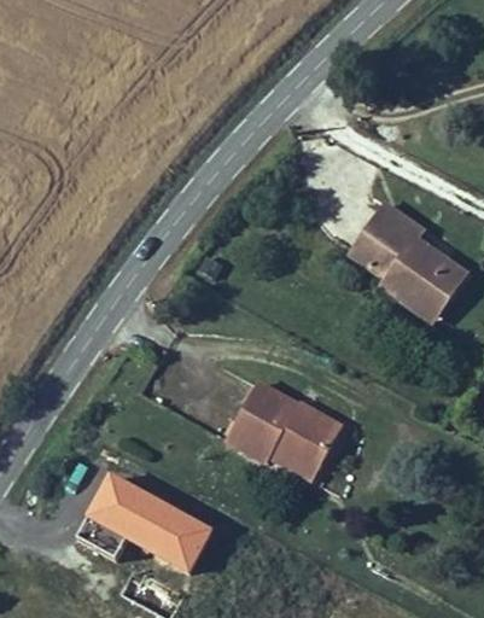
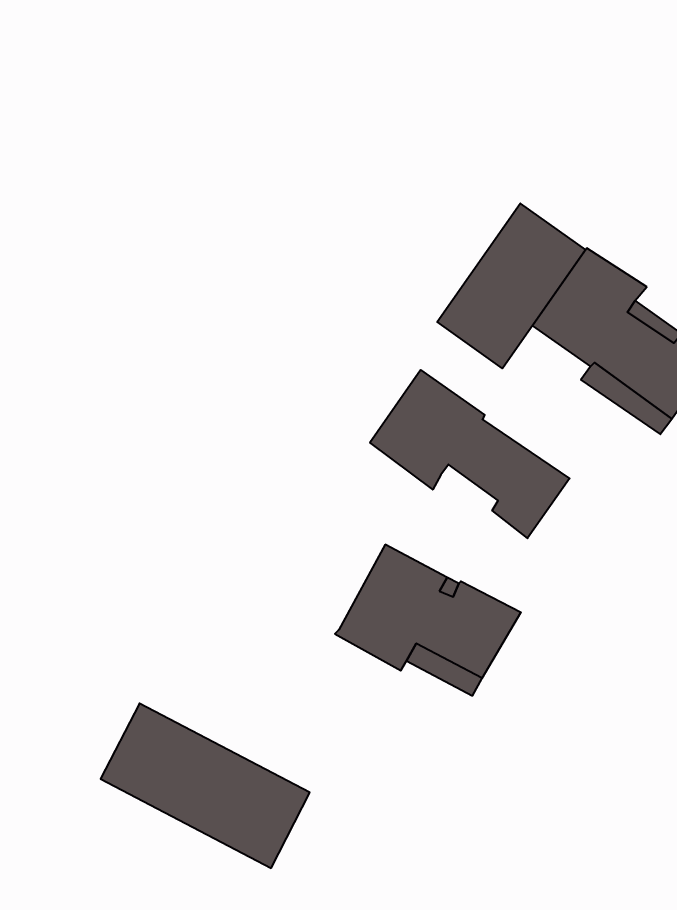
building: none -> [437,203,586,368]
building: none -> [370,370,570,538]

